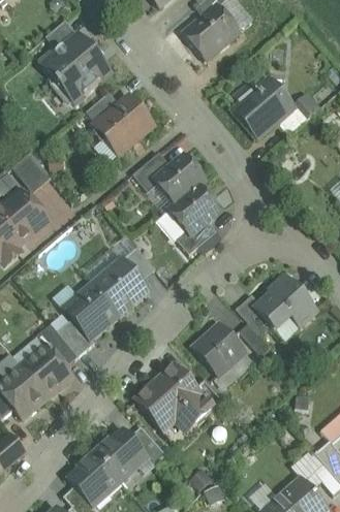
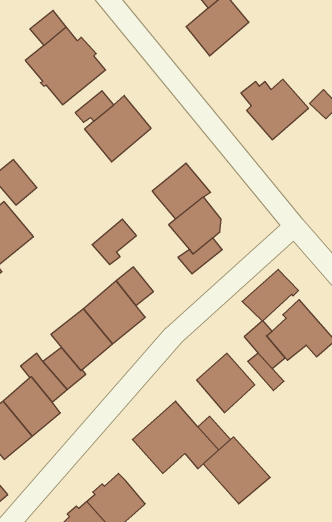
building: [131,151,171,191] -> [92,219,136,265]
building: none -> [242,269,298,321]
building: none -> [203,437,270,504]
building: [129,426,165,465] -> none

